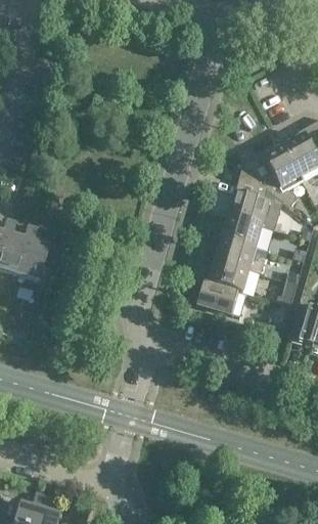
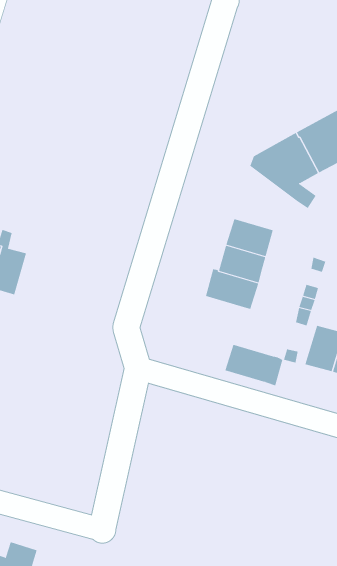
building: [229,169,283,228] -> none
building: [197,280,247,316] -> [224,344,283,386]

